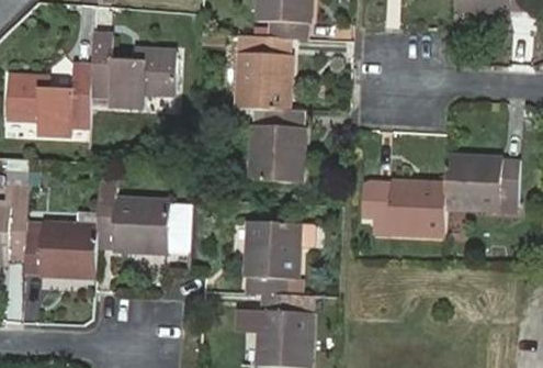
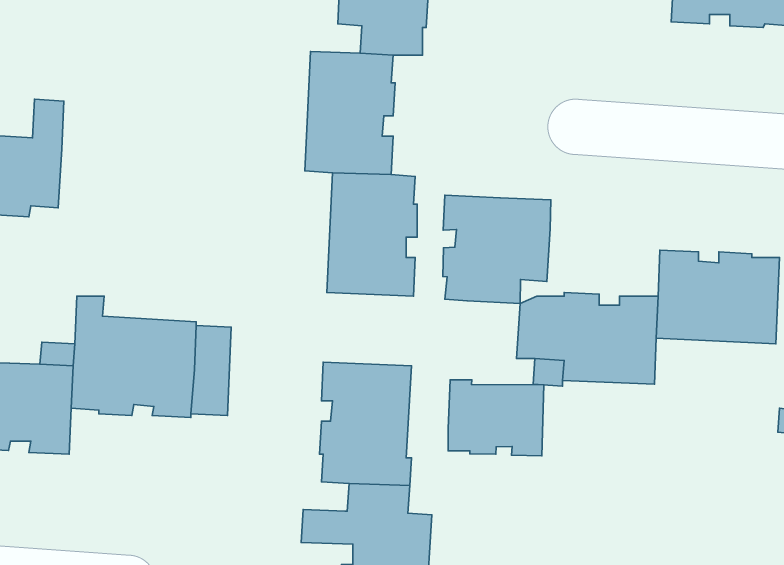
building: [91,33,177,104] -> none
building: none -> [443,195,551,303]
building: none -> [448,380,544,456]

